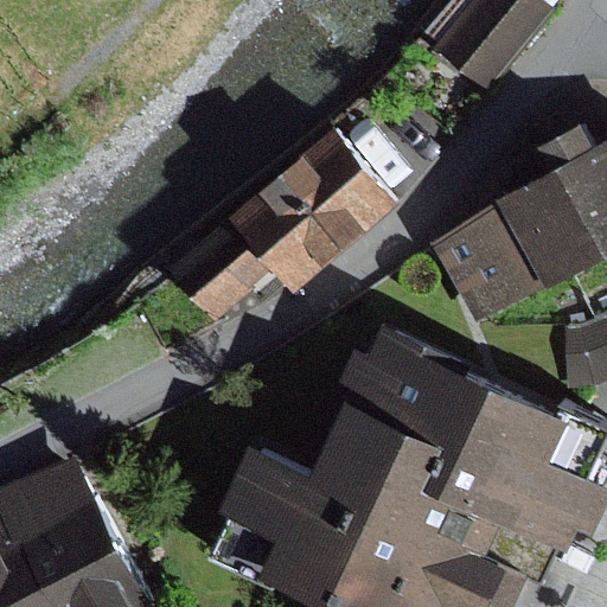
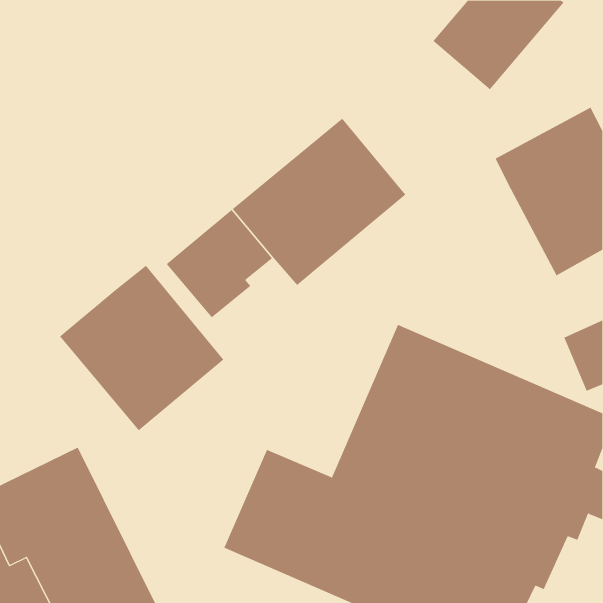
building: [422,198,549,326] -> none
building: none -> [59,265,224,431]

